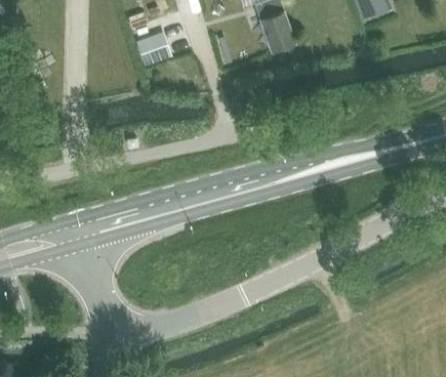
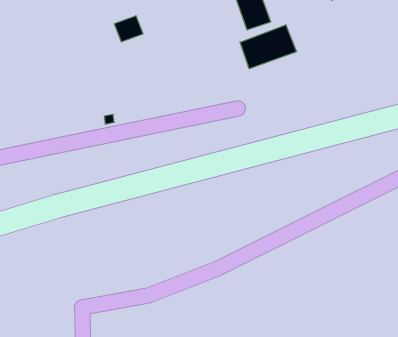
building: none -> [240,25,296,69]

